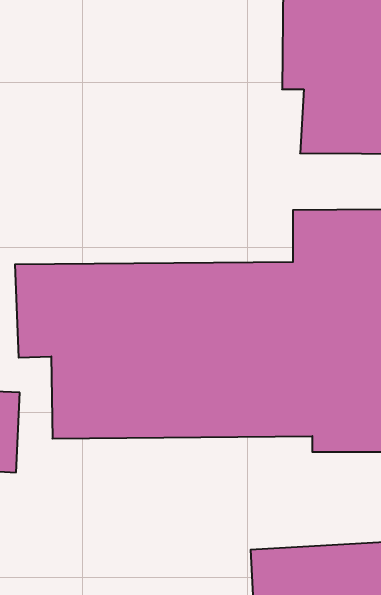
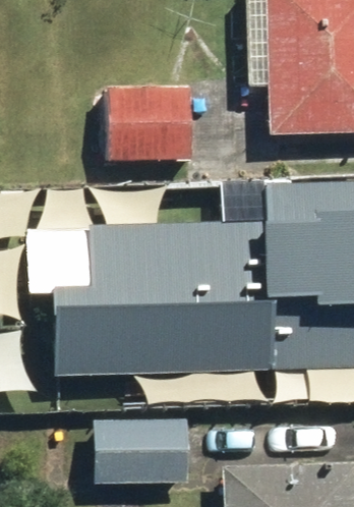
building: none -> [105,82,197,168]
building: none -> [87,414,190,485]

